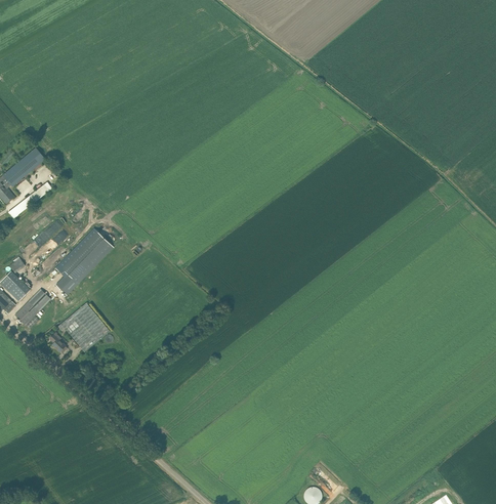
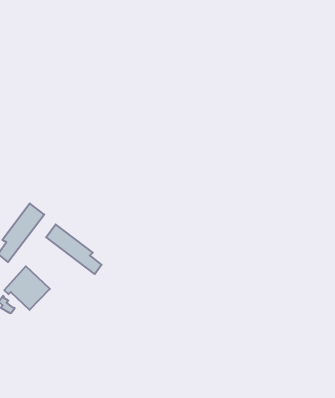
building: none -> [46,224,102,274]

